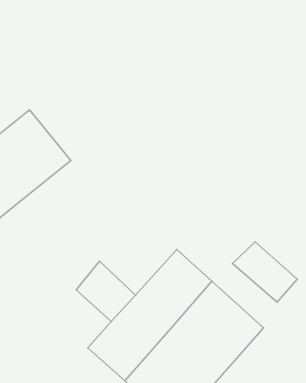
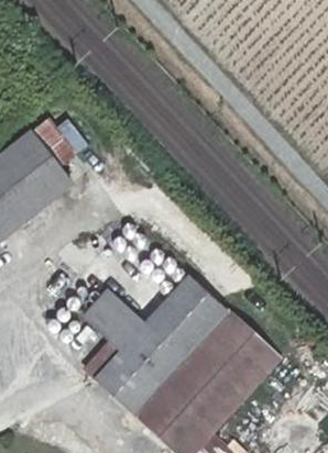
building: [232,242,297,302] -> none

